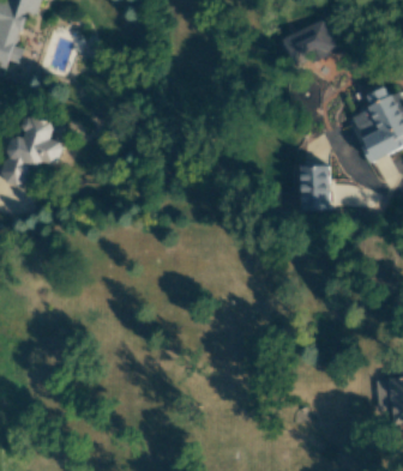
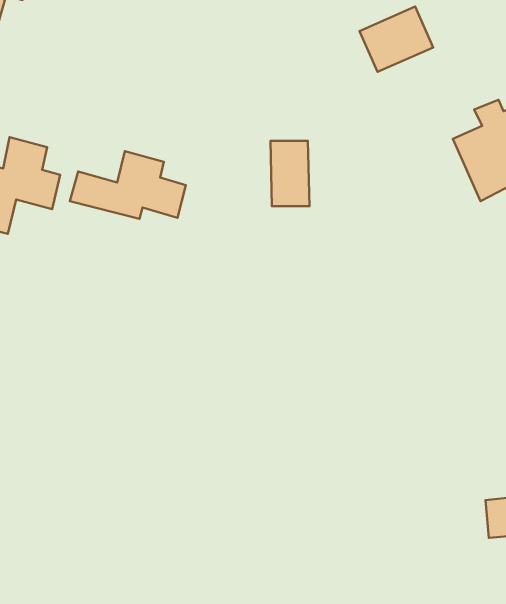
building: none -> [70,151,186,219]
building: [301,162,330,210] -> [270,141,310,206]

